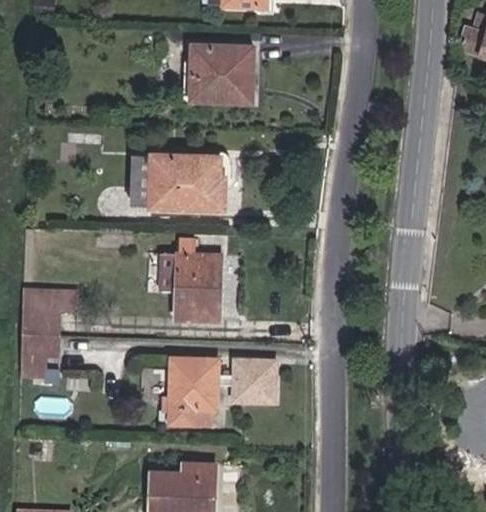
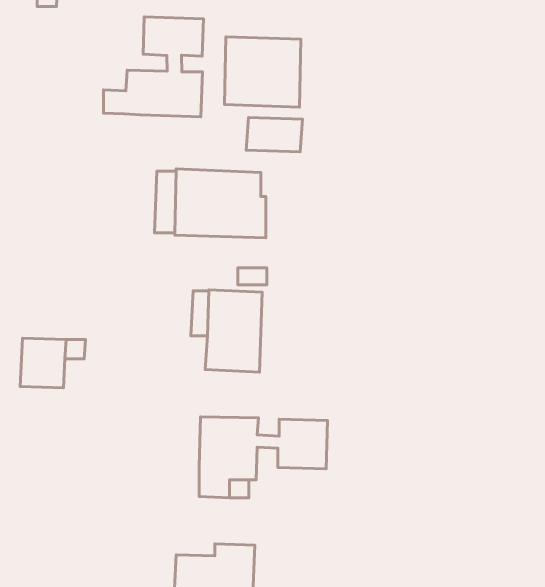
building: none -> [103,17,203,117]
building: none -> [246,118,302,152]
building: [21,333,58,376] -> none

